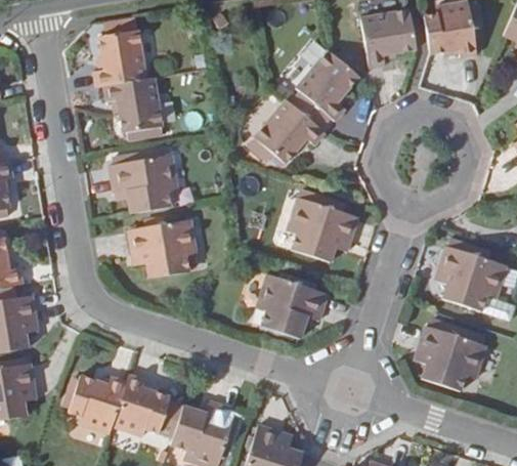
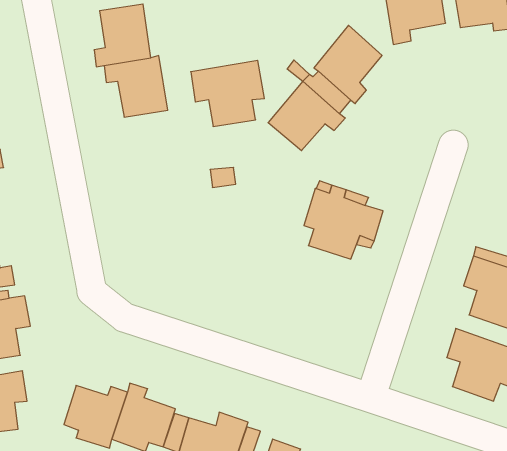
building: [111,154,178,214] -> [191,60,264,126]
building: [128,219,197,279] -> none
building: [258,274,329,338] -> none

